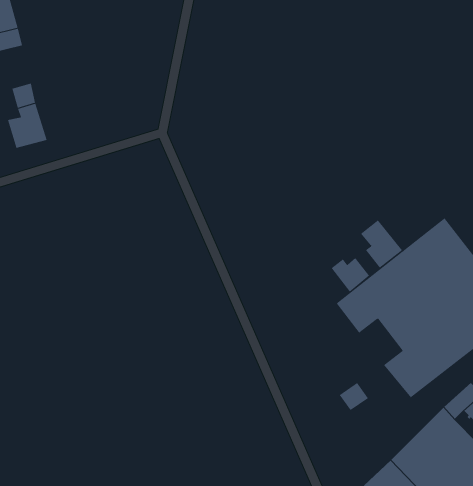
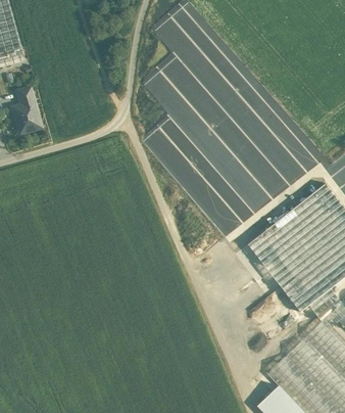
building: [360,219,403,269] -> none
building: [331,257,370,292] -> none

